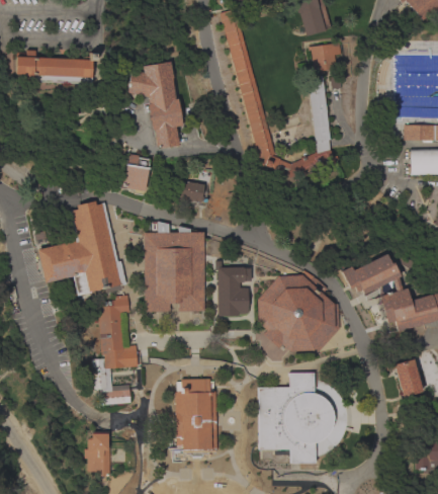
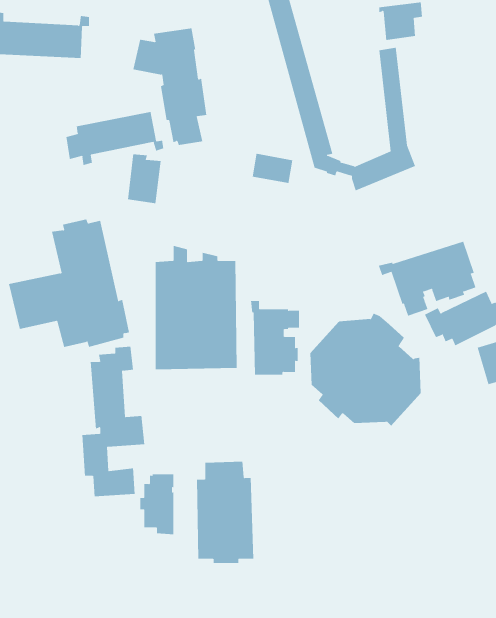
building: none -> [66,111,164,166]
building: [175,179,205,201] -> [252,153,293,184]
building: none -> [378,241,476,316]
building: [258,373,334,463] -> none
building: [84,432,109,477] -> [139,474,174,535]

